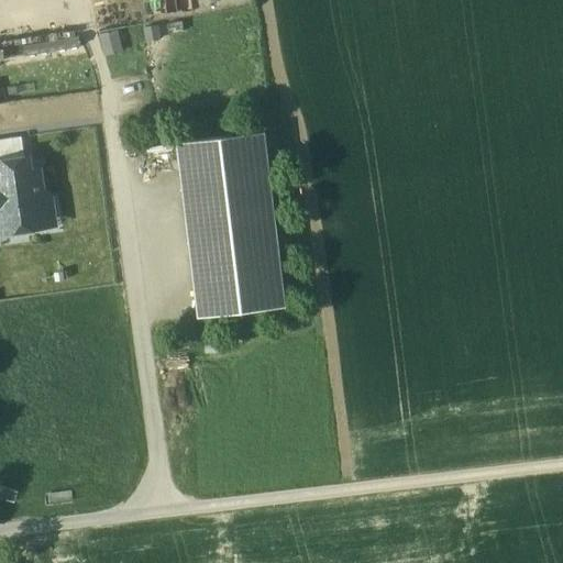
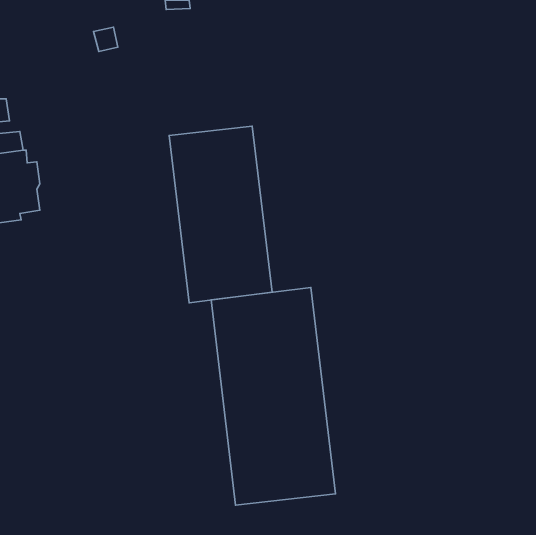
building: none -> [211,287,336,505]

